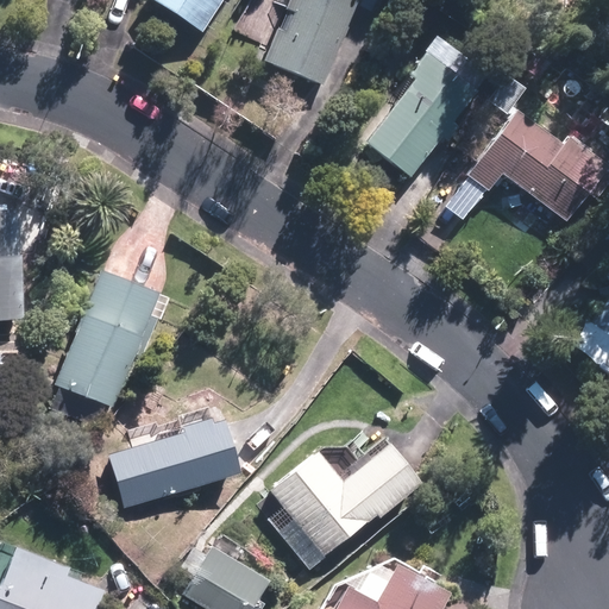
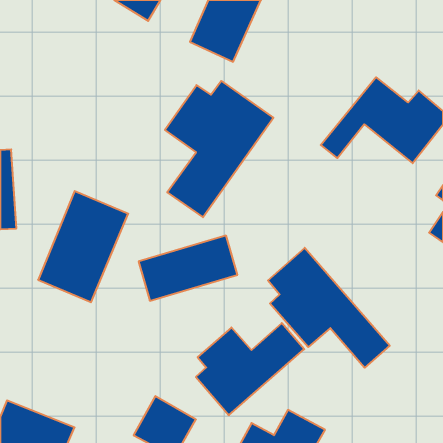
building: [365,34,496,177] -> none
building: none -> [165,81,273,217]
building: none -> [268,248,390,368]
building: [109,417,245,507] -> [139,236,237,301]

